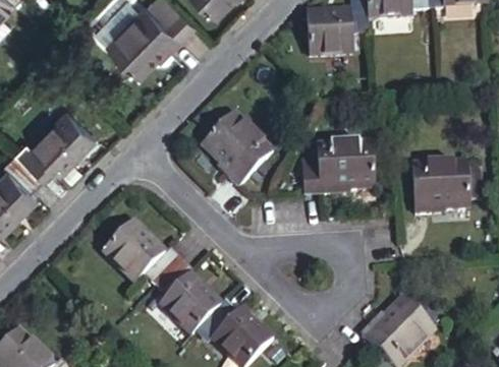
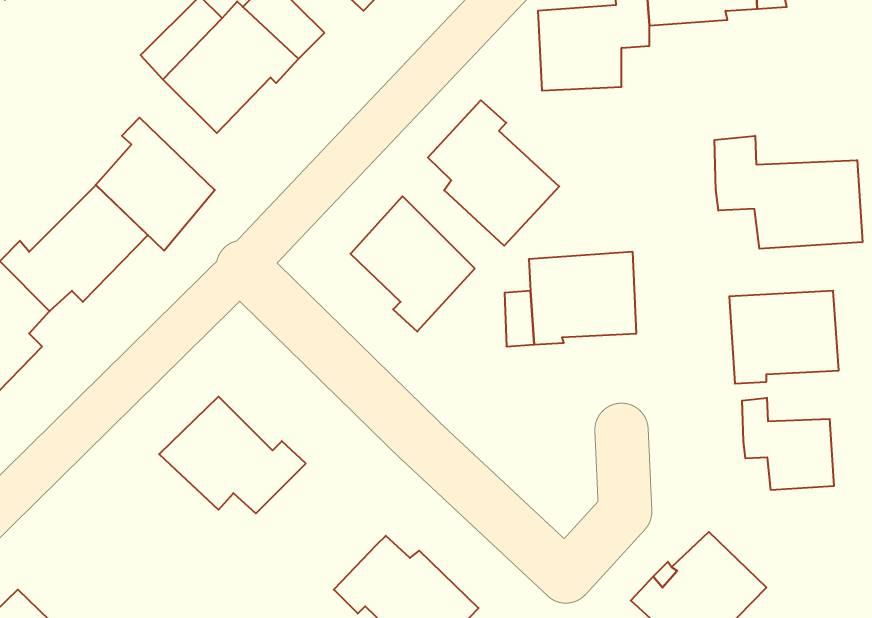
building: none -> [428,100,559,246]
building: none -> [96,118,215,251]
building: none -> [715,136,862,249]
building: none -> [742,398,834,490]
building: [154,258,220,327] -> none

